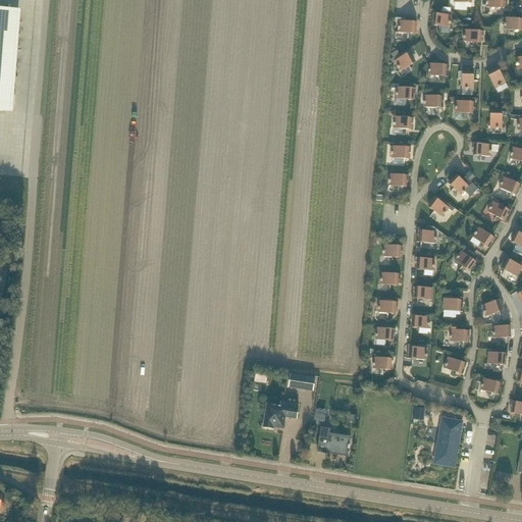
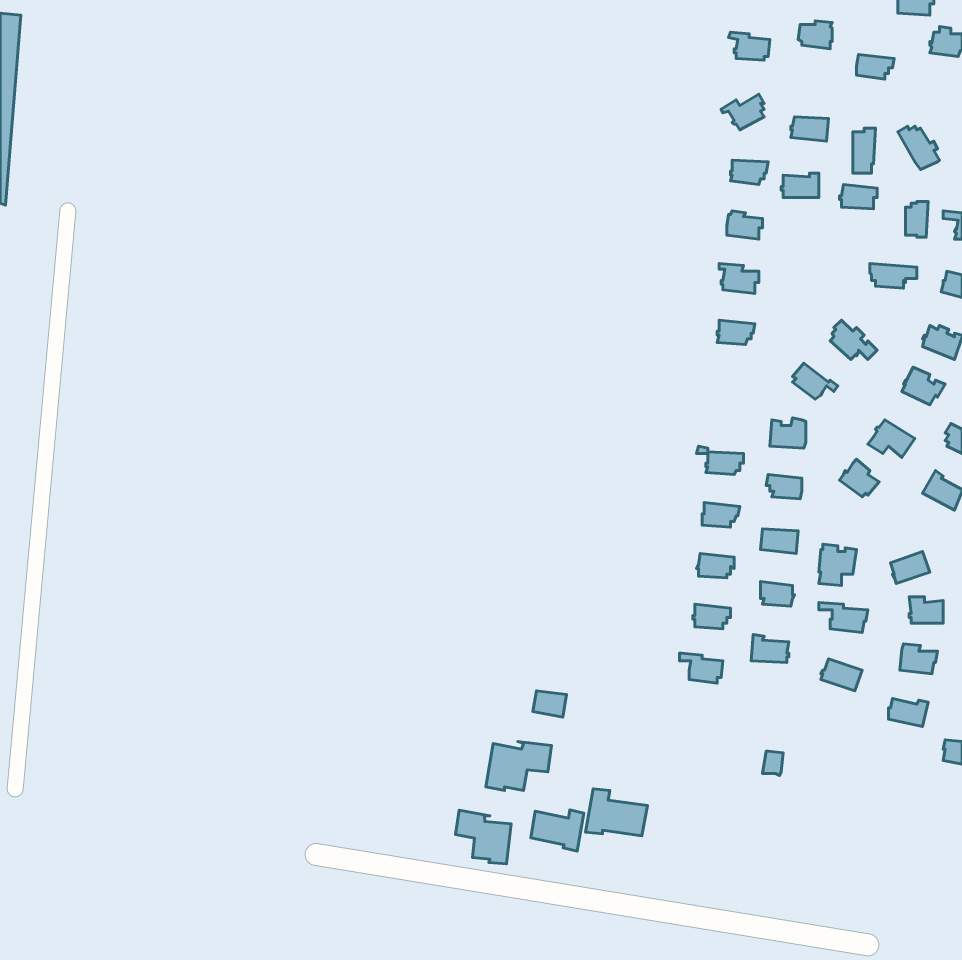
building: [438,418,462,462] -> none
building: none -> [531,810,584,851]
building: none -> [456,810,511,864]

